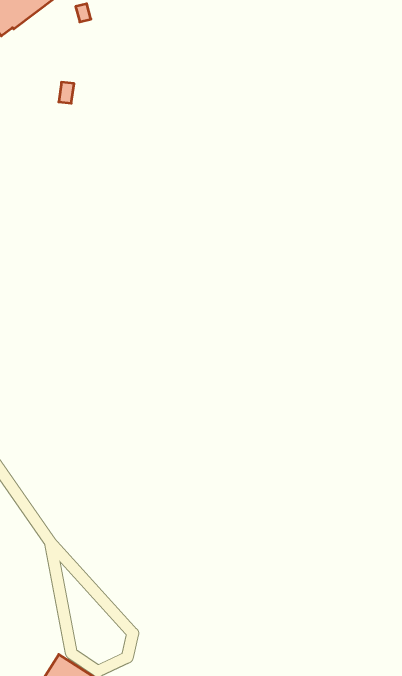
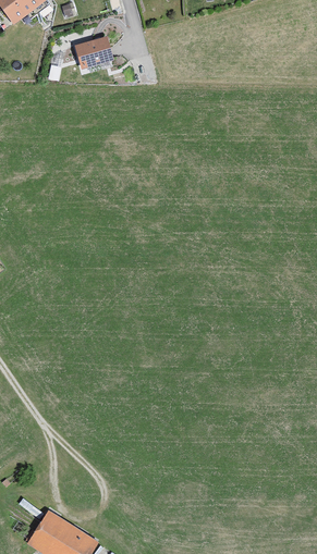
building: none -> [76,41,110,69]

